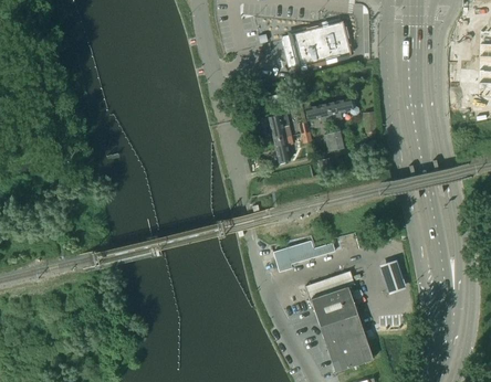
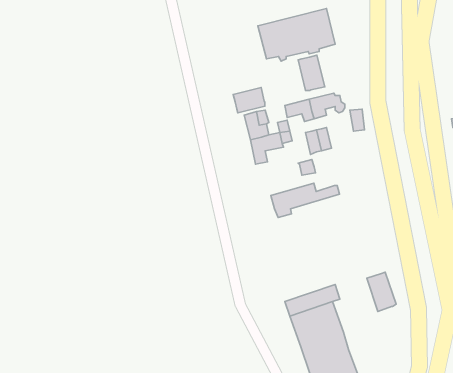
building: none -> [298,55,325,91]
building: none -> [233,87,265,113]
building: [273,240,335,270] -> [271,183,339,217]

